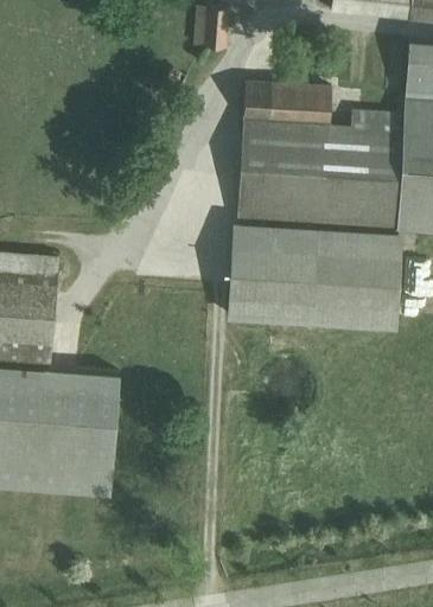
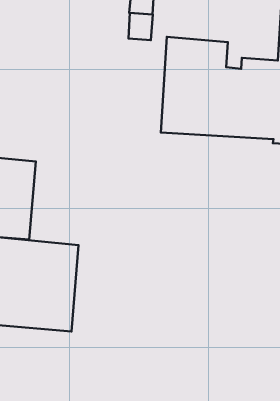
building: none -> [129,13,153,40]
building: [227,224,401,331] -> none

